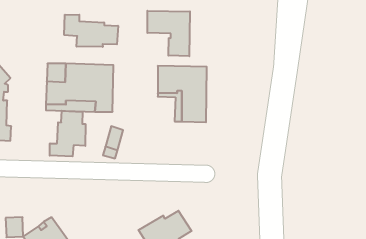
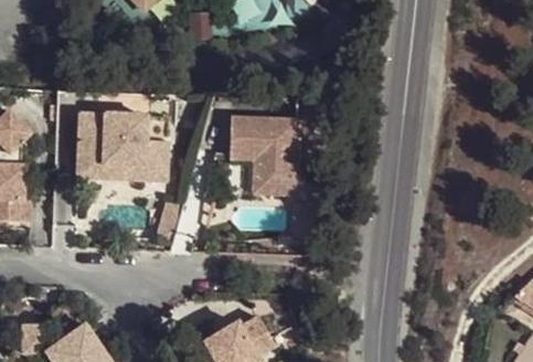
building: [147,11,190,56] -> none
building: [64,15,118,47] -> none
building: [50,111,85,156] -> none

